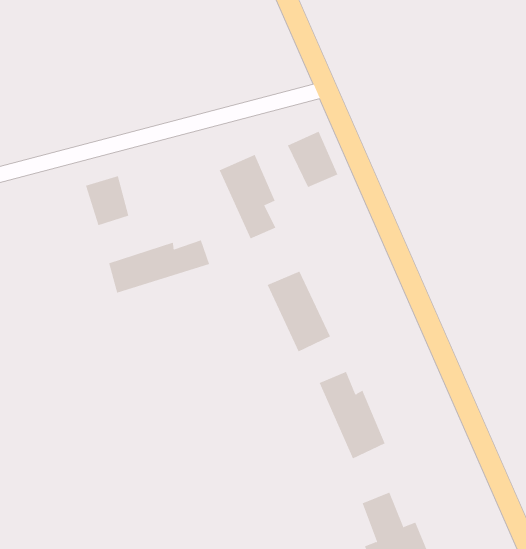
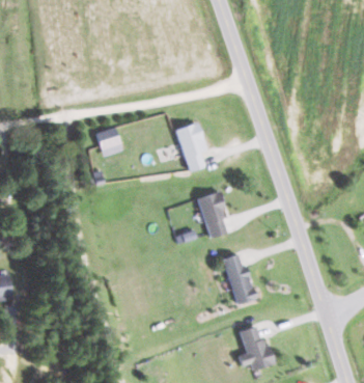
building: [287,131,338,188] -> none
building: [108,240,210,294] -> none

